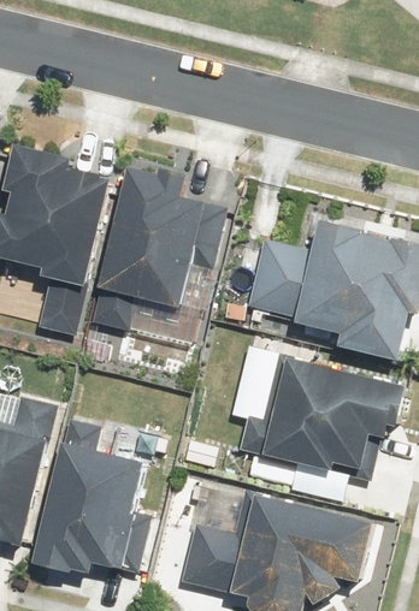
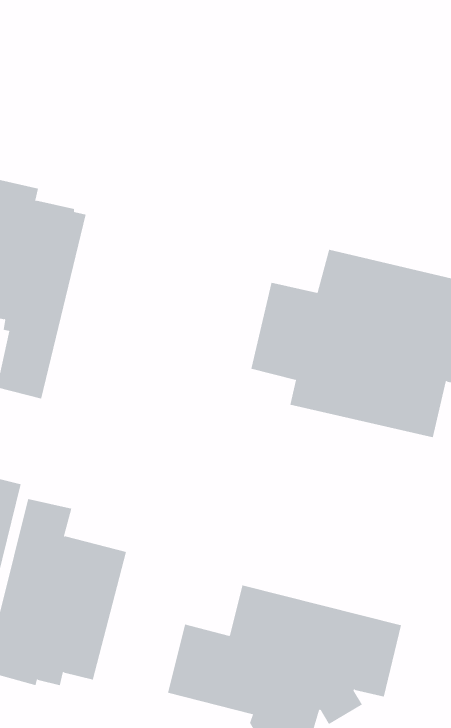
building: [89,167,224,330] -> none
building: [236,352,406,471] -> none

